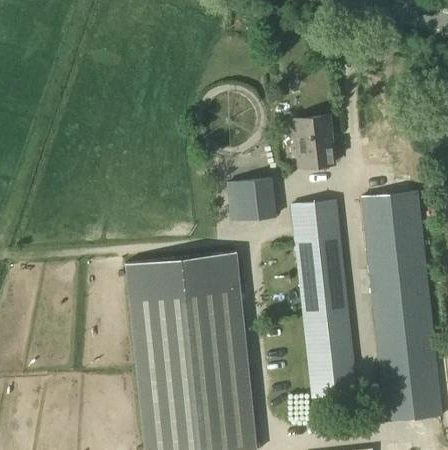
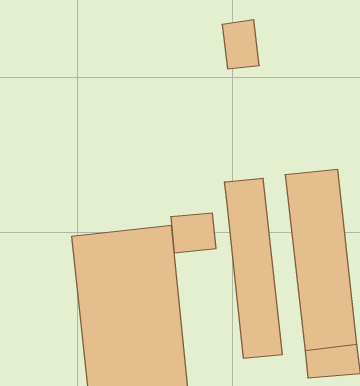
building: [293,115,334,169] -> [222,20,259,69]
building: [226,179,276,223] -> [171,213,216,253]

